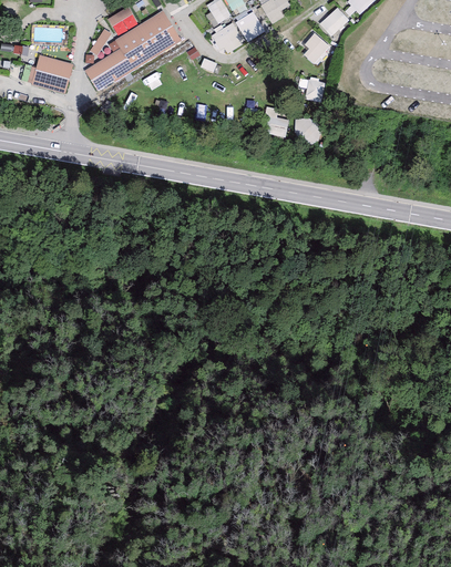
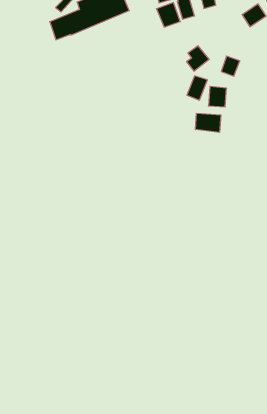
building: [305,32,332,64] -> [187,46,209,71]
building: [30,56,70,94] -> none
building: none -> [196,113,221,132]

